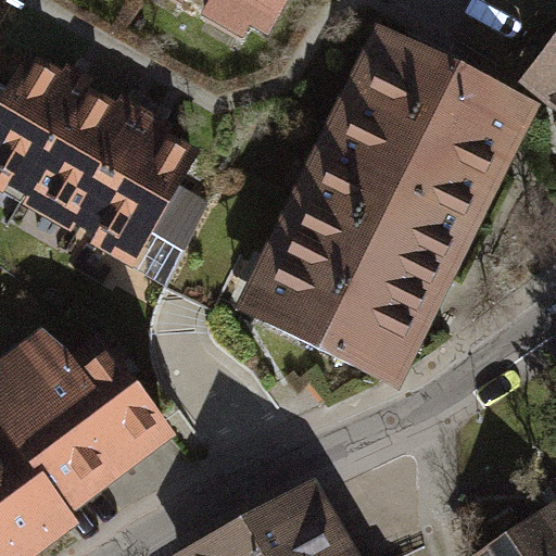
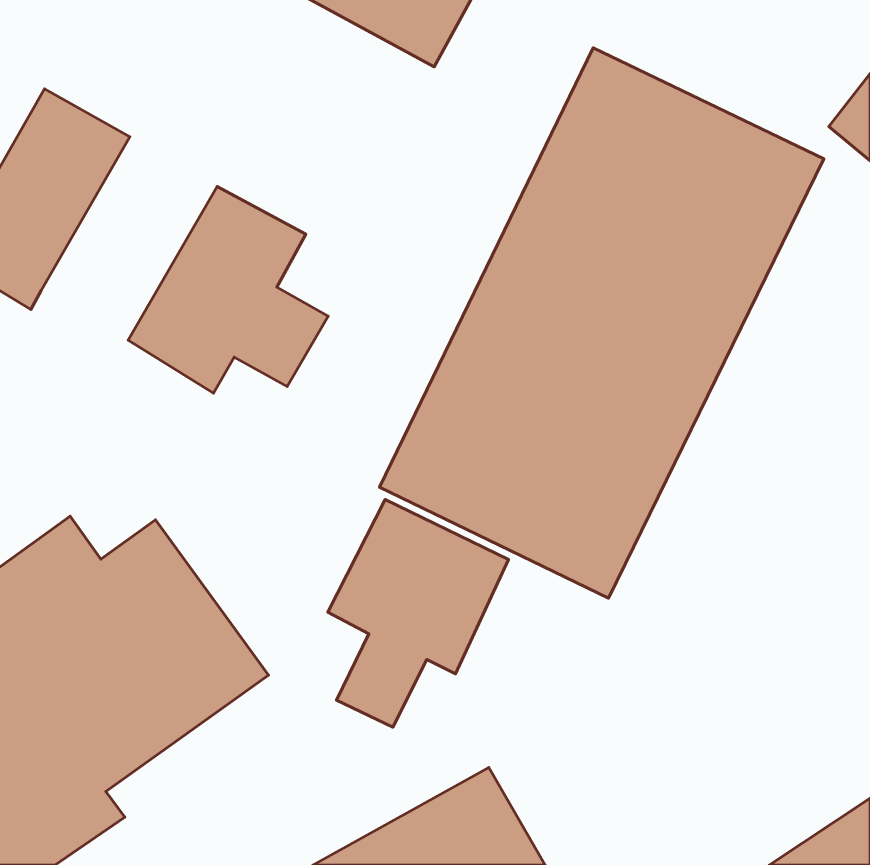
building: [26,87,138,216] -> none
building: none -> [328,500,508,727]

